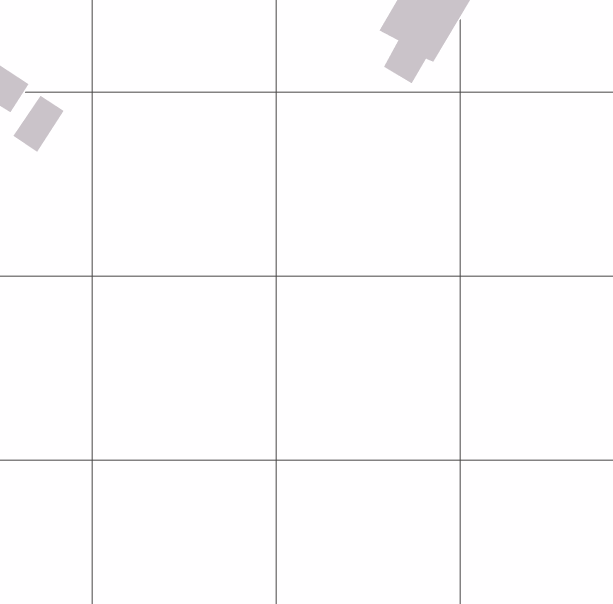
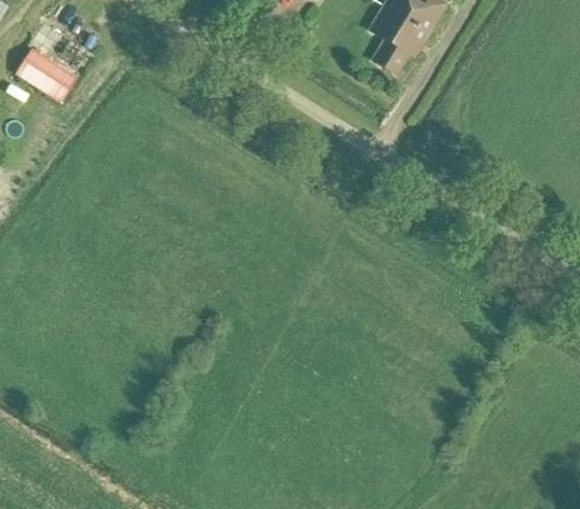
building: [13,95,65,153] -> none

